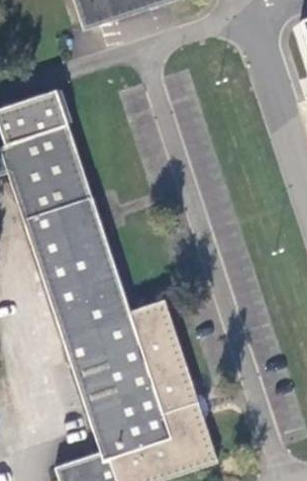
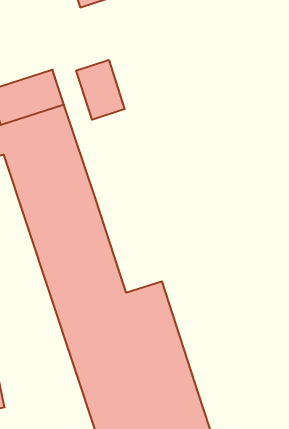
building: none -> [76,60,125,120]

